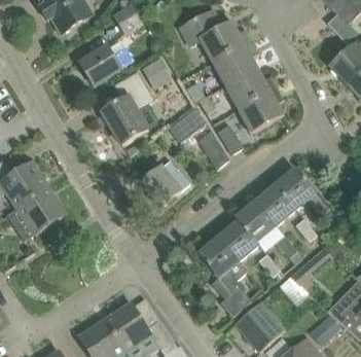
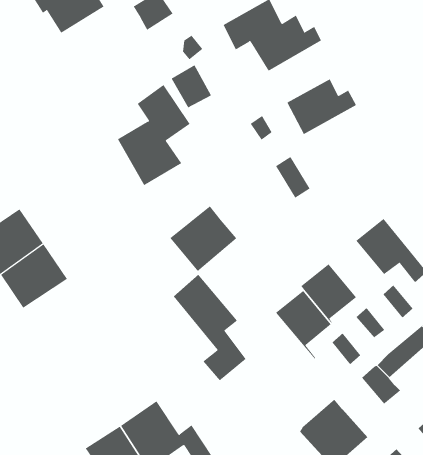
building: [212,39,258,84] -> none
building: [79,46,133,85] -> none
building: [238,86,284,132] -> none
building: [168,104,207,142] -> none
building: [197,130,229,169] -> none
building: [256,185,296,226] -> none
building: [198,238,252,316] -> [173,274,246,381]

